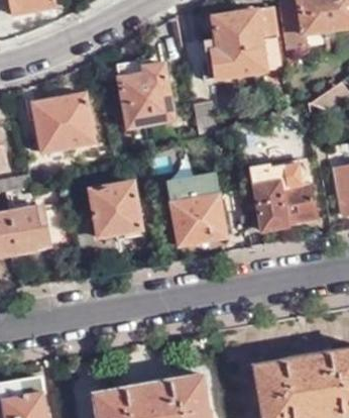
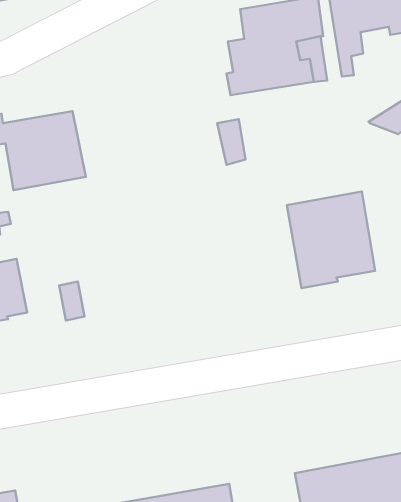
building: [114,54,171,124] -> none
building: [163,168,223,240] -> none
building: [89,182,149,243] -> none

